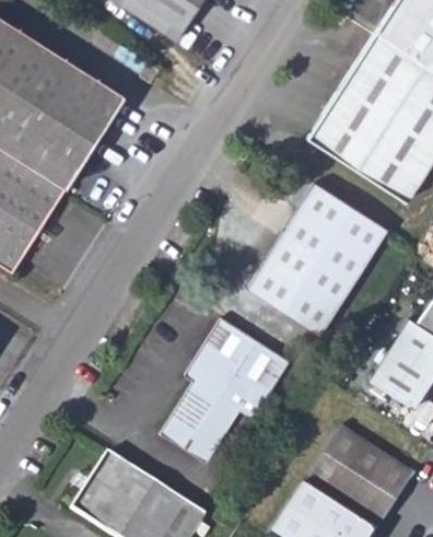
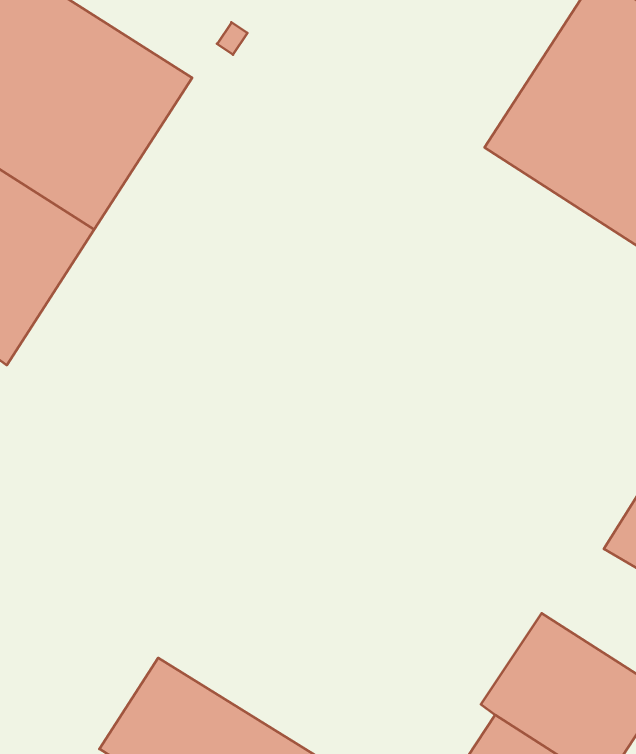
building: [246,182,388,335] -> none
building: [160,316,290,460] -> none

